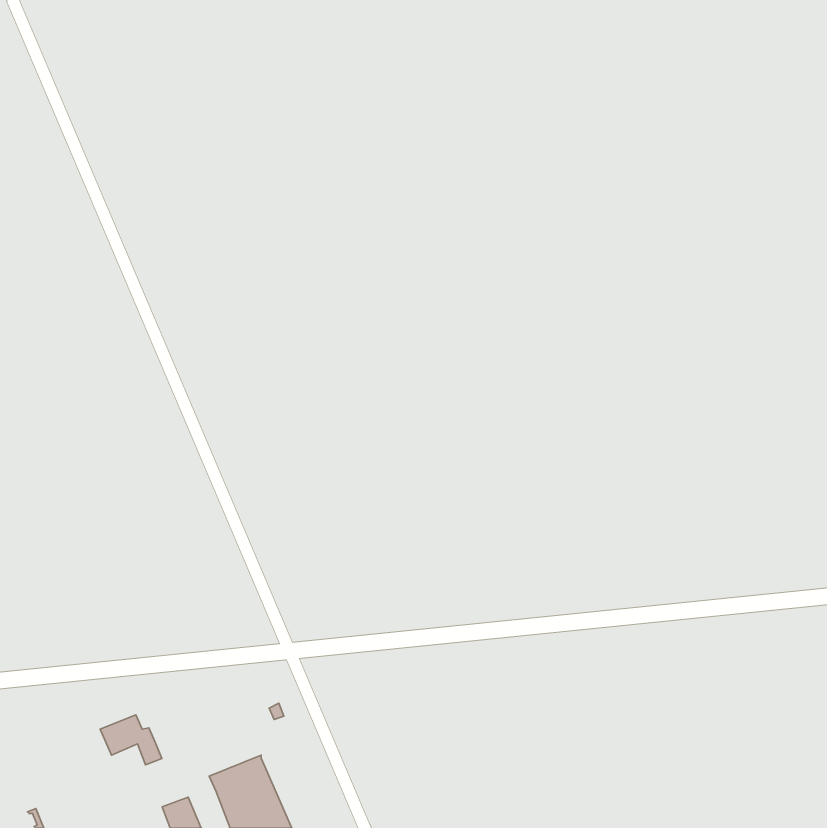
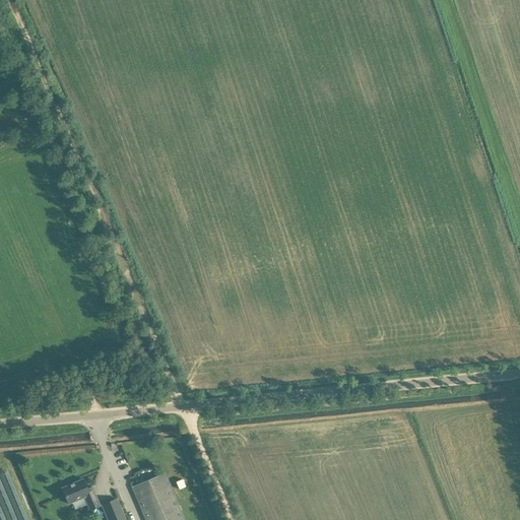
building: [100,715,162,765] -> [60,479,99,511]

